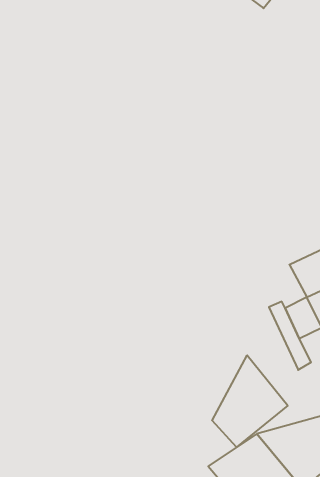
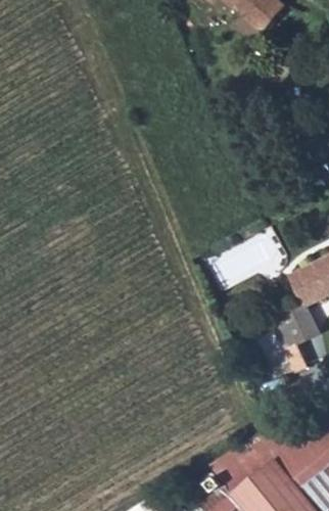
building: [212,355,288,447] -> none

